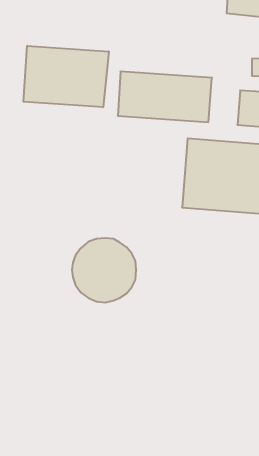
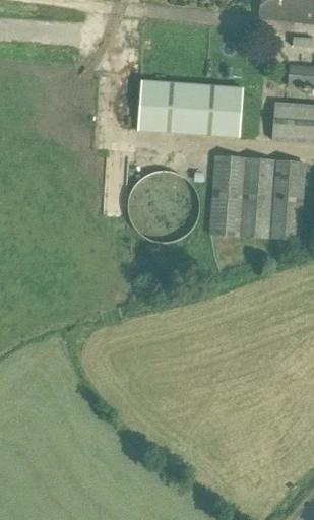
building: [23,46,109,107] -> none
building: [72,238,136,302] -> [125,171,197,243]

